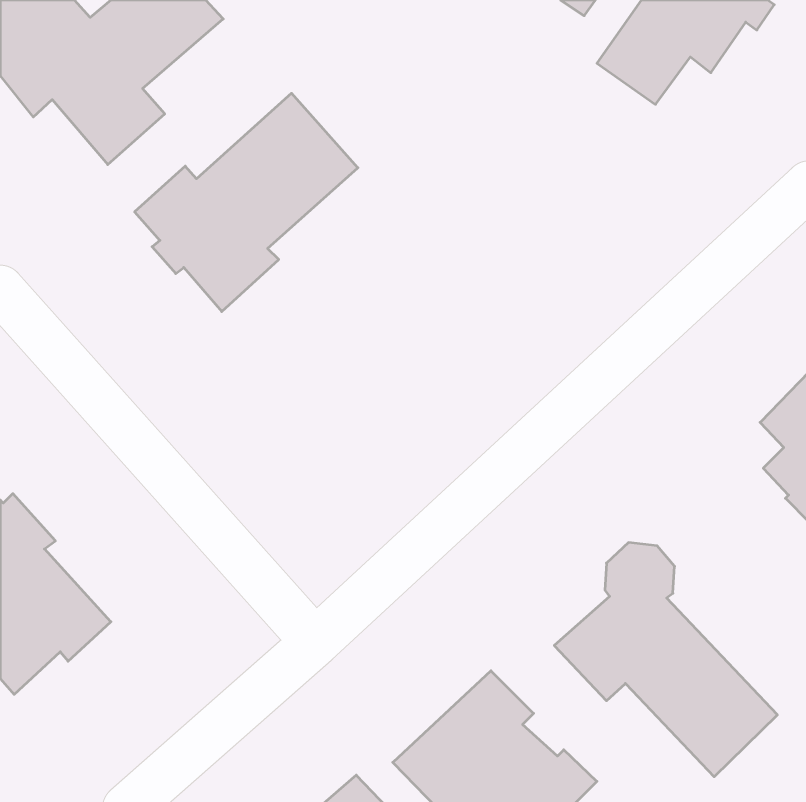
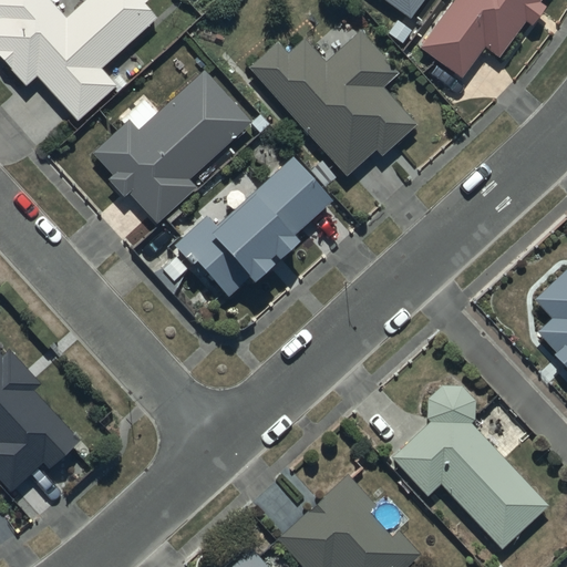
building: none -> [252,32,415,174]
building: none -> [179,157,332,295]

